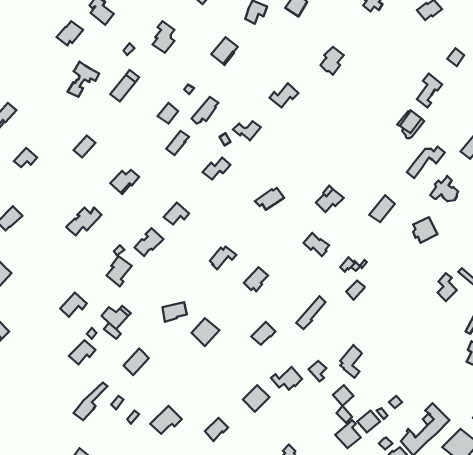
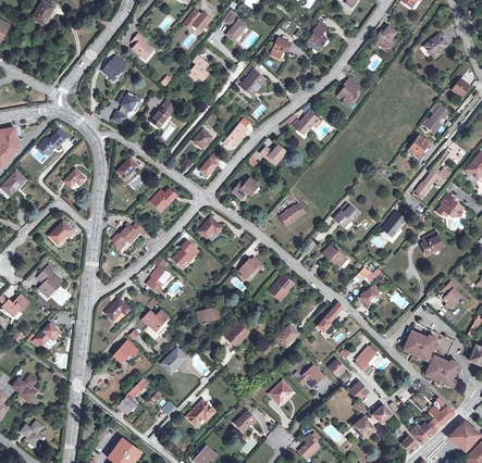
building: none -> [406,322,459,386]

